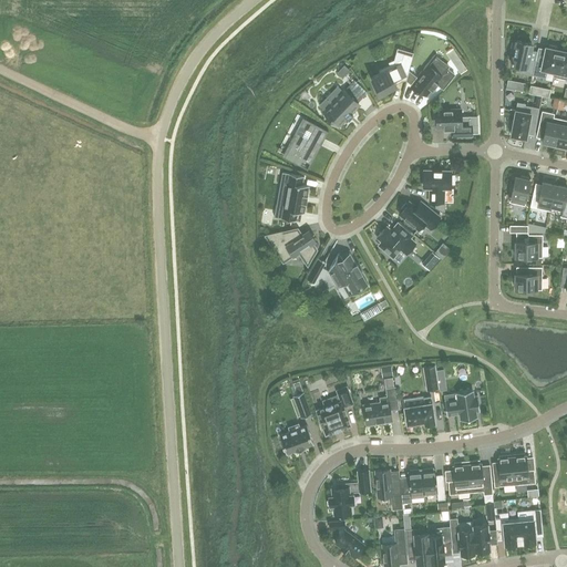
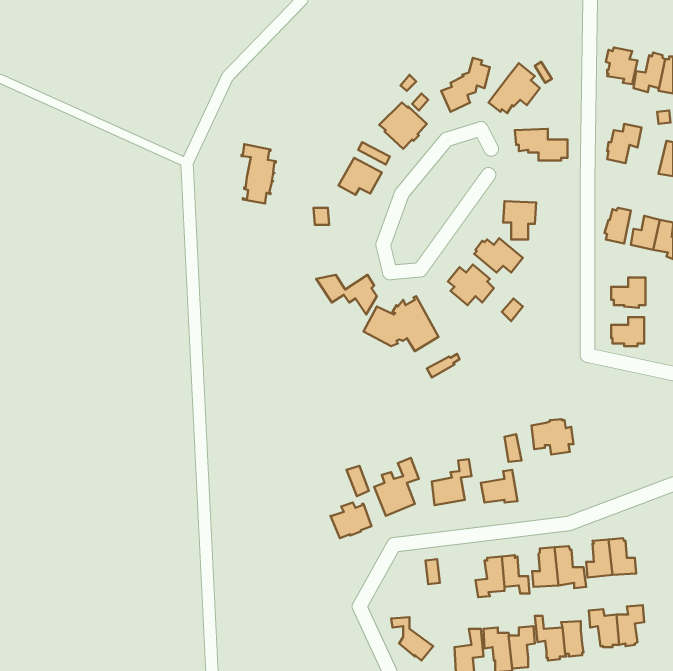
building: [538,112,560,147] -> none
building: [280,173,309,223] -> [241,144,276,203]
building: [444,390,480,420] -> [532,419,574,455]
building: [375,470,402,511] -> none
building: [329,484,353,515] -> none

